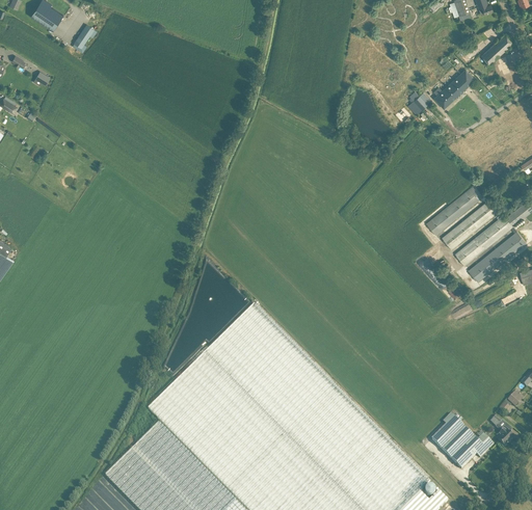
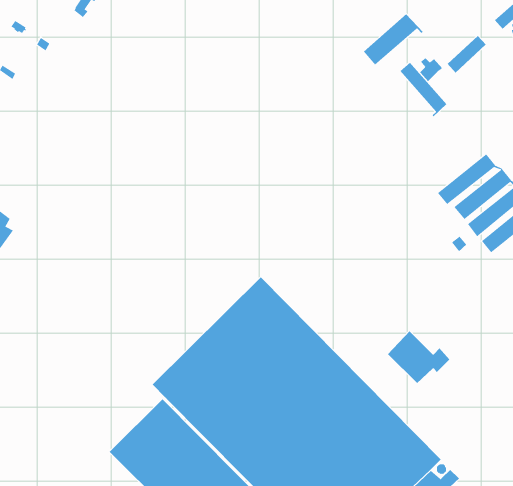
building: none -> [363,13,424,65]
building: none -> [400,62,447,117]
building: [431,417,493,468] -> [387,330,450,384]

